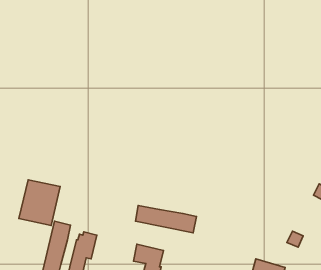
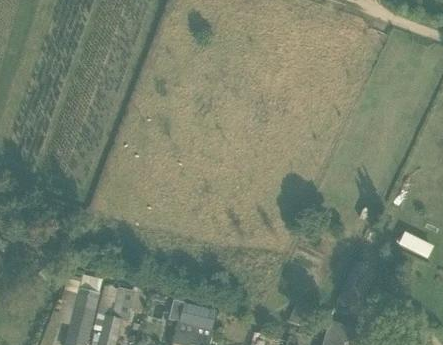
building: [19,180,60,225] -> none
building: [135,206,196,233] -> none

